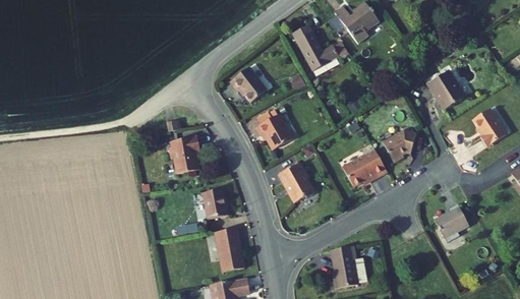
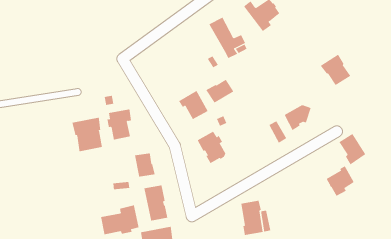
building: [230,66,268,102] -> none
building: none -> [206,79,234,103]
building: [473,108,507,146] -> [338,133,366,165]
building: none -> [72,117,102,152]
building: [343,155,378,186] -> none
building: none -> [100,205,139,235]

